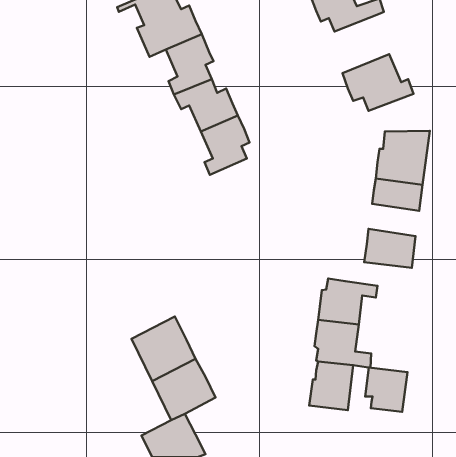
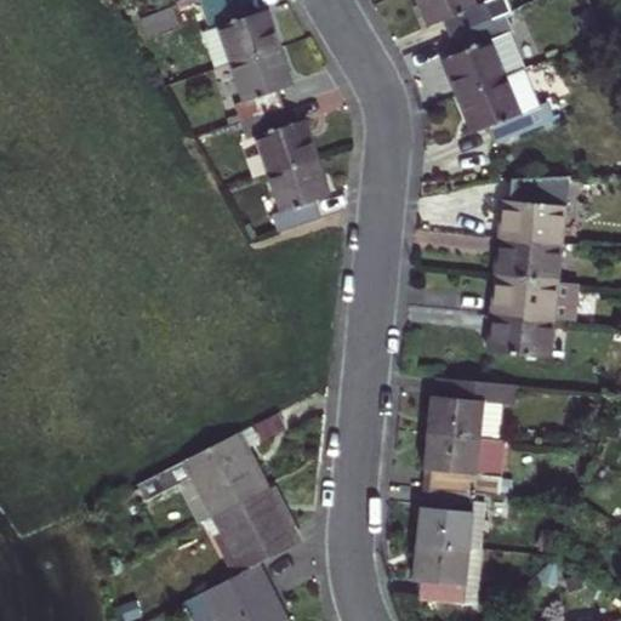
building: none -> [446,18,528,98]
building: none -> [496,274,564,318]
building: [365,368,408,412] -> [411,546,468,605]

